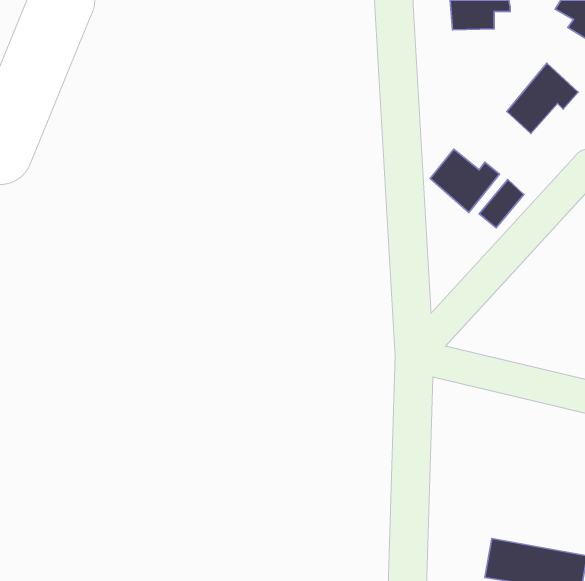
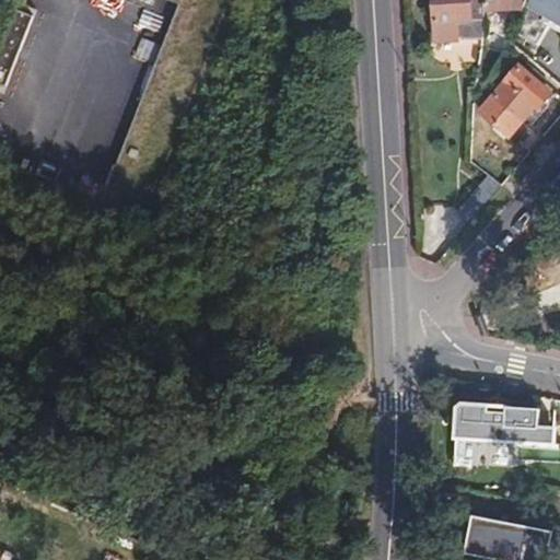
building: [430,149,499,213] -> none
building: none -> [451,398,542,453]

